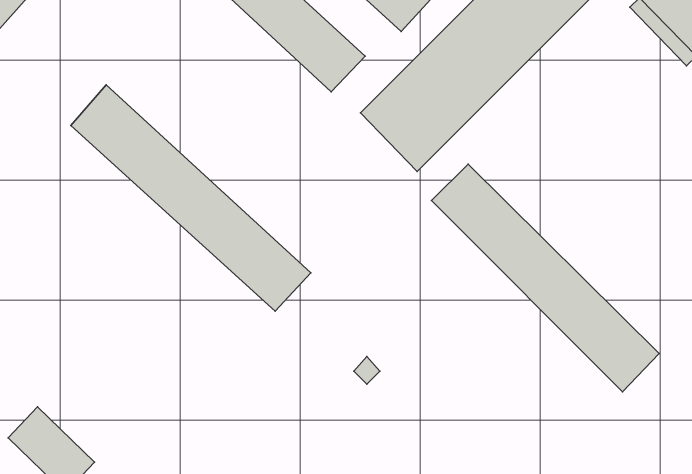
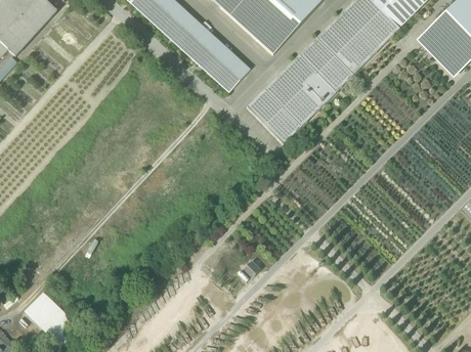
building: [71,85,311,311] -> none
building: [432,164,659,392] -> none

